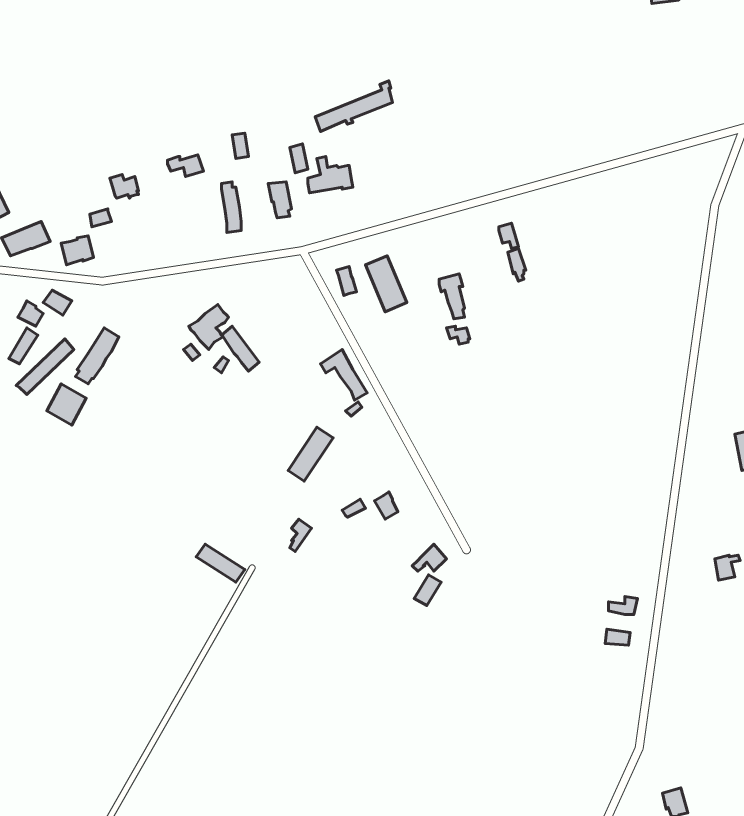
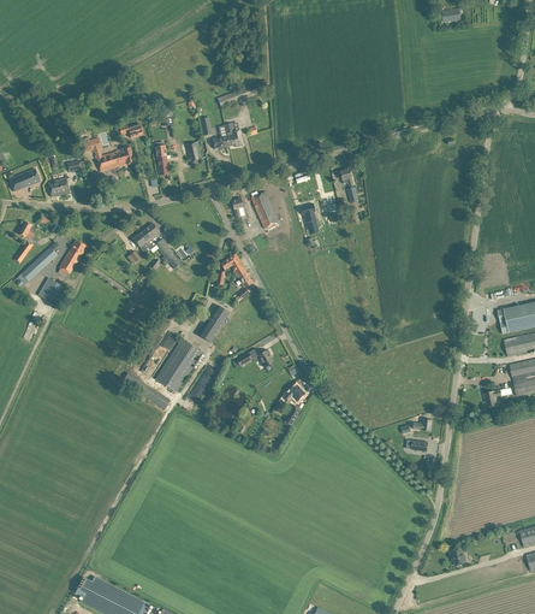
building: none -> [95,142,135,170]
building: none -> [155,337,202,391]

